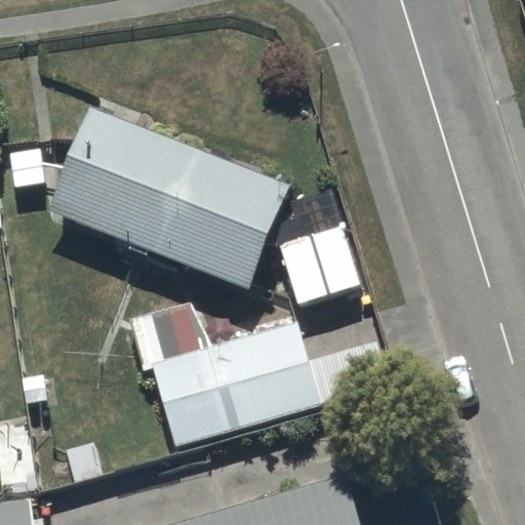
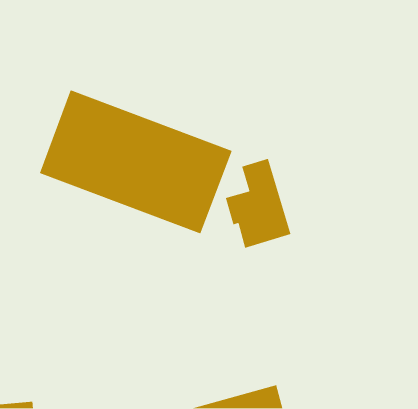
building: [125,299,385,445] -> none

